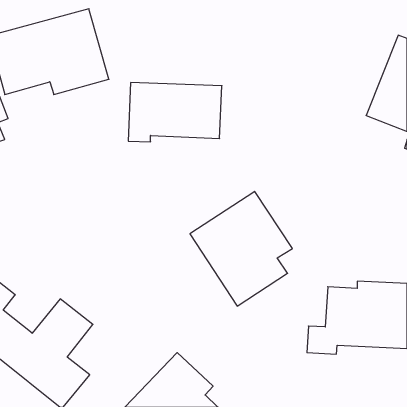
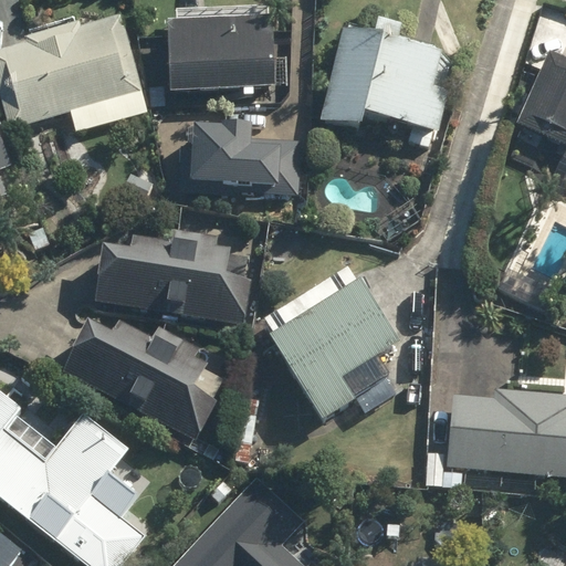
building: none -> [174,21,279,93]
building: none -> [322,21,451,149]
building: none -> [95,223,254,325]
building: none -> [65,322,237,441]

